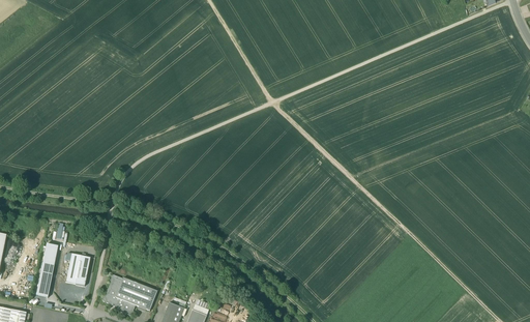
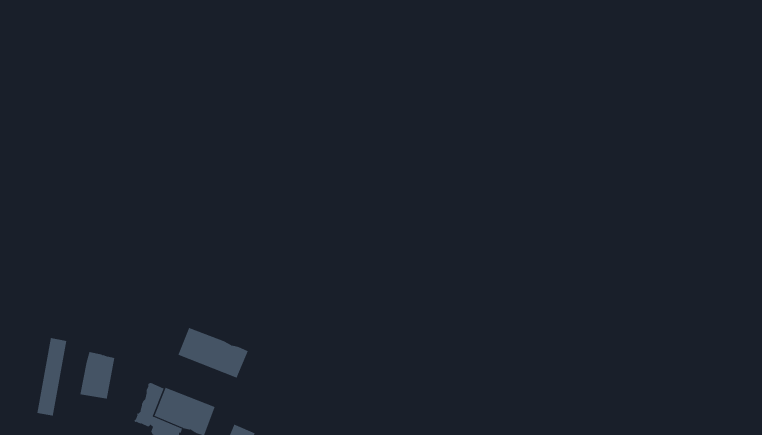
building: none -> [177,327,249,378]

